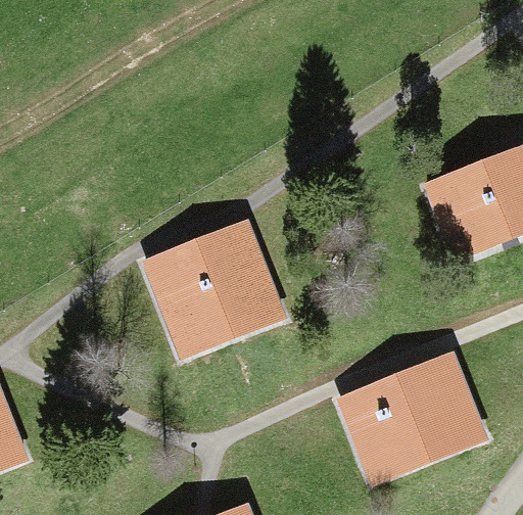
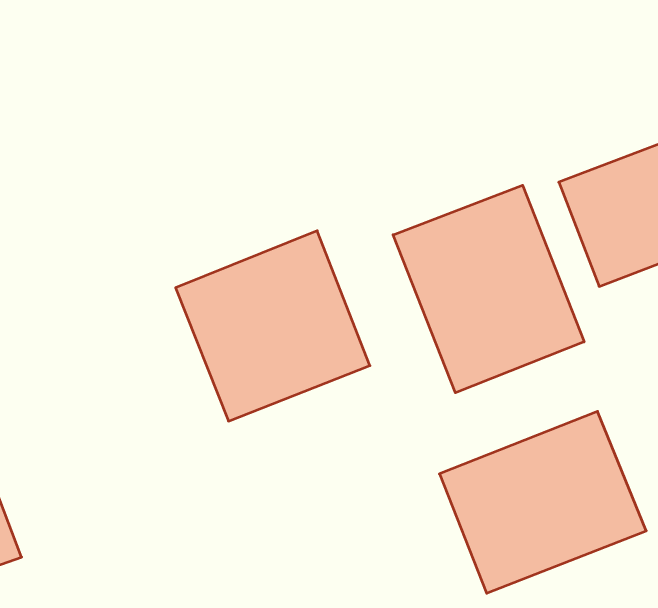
building: none -> [393,185,584,393]

